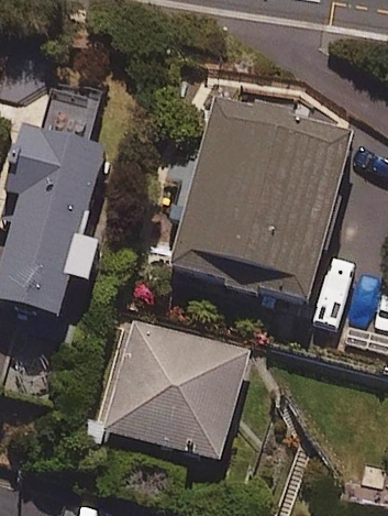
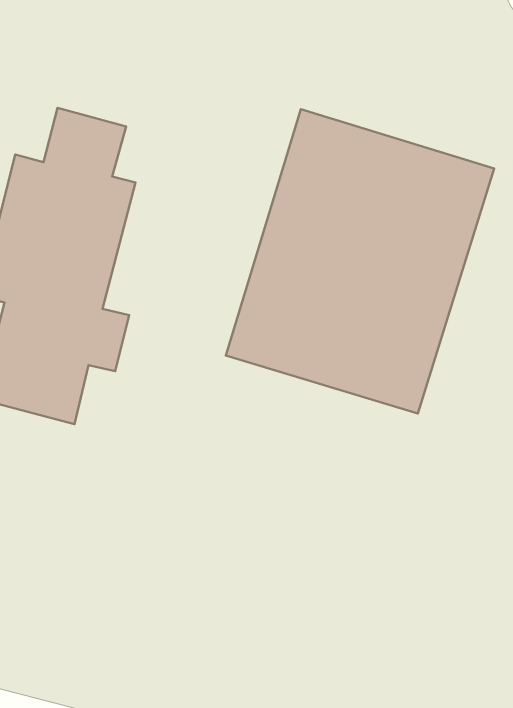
building: [100,316,250,458] -> none

